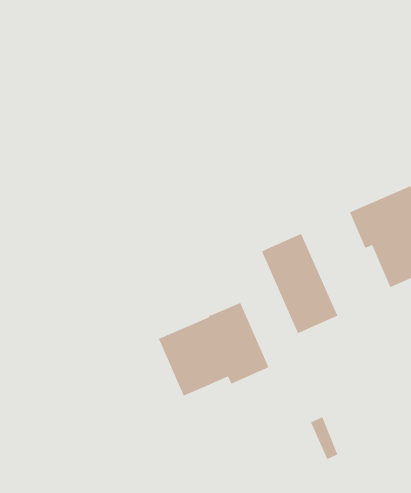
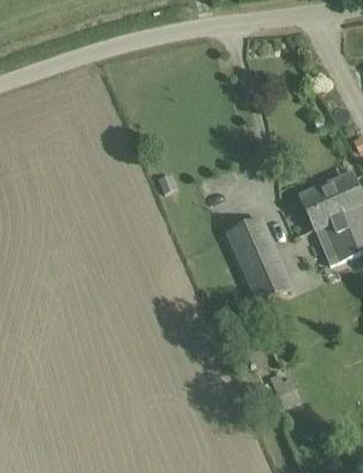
building: [158,302,269,397] -> none

